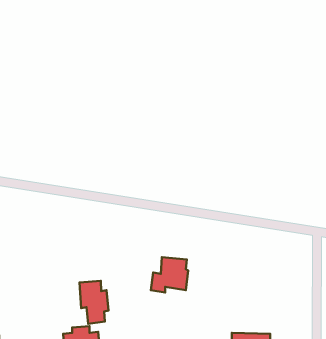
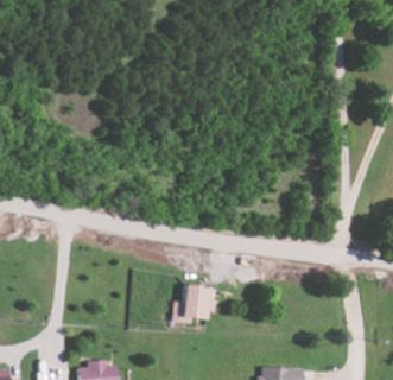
building: [79,281,109,324] -> none

